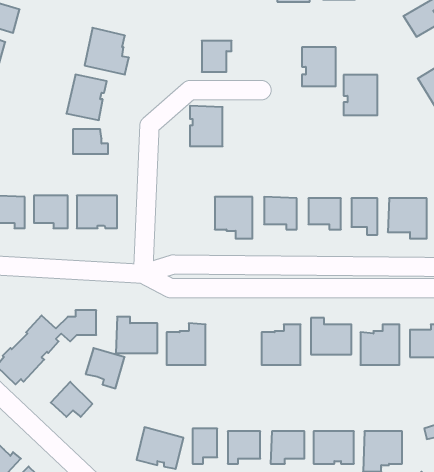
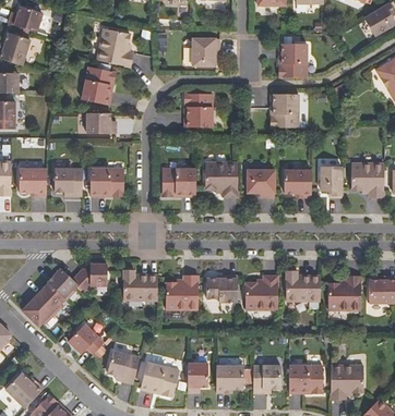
building: [344,75,377,115] -> [270,94,298,127]
building: none -> [161,169,195,196]
building: none -> [206,274,237,302]
building: [86,348,125,388] -> [105,348,137,382]

